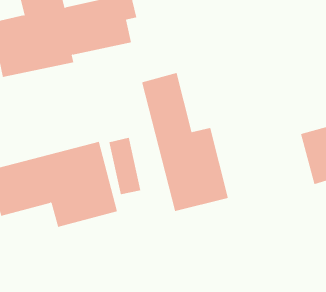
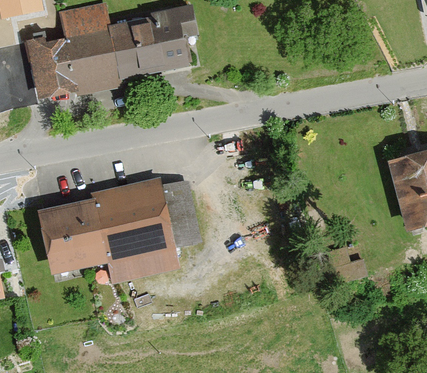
building: [141,72,229,212] -> none

